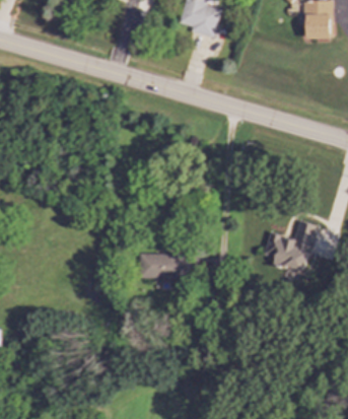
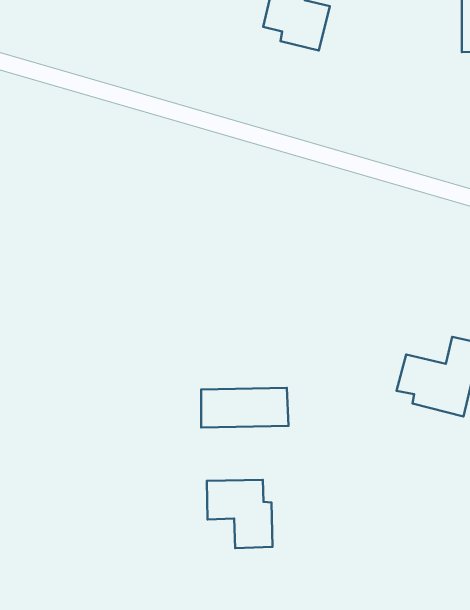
building: none -> [207,480,273,548]

